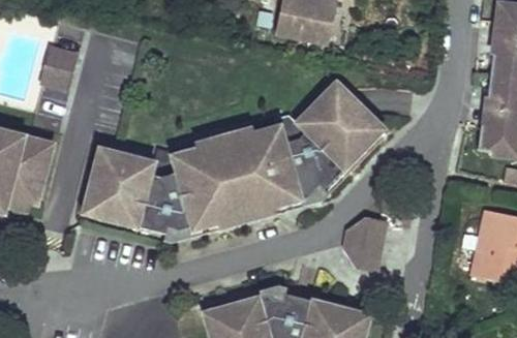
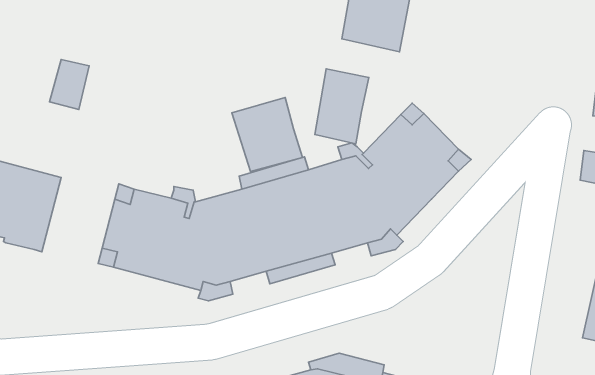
building: none -> [315,69,369,144]
building: none -> [232,97,303,171]
building: [345,218,387,271] -> none

